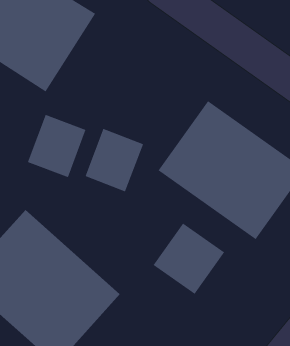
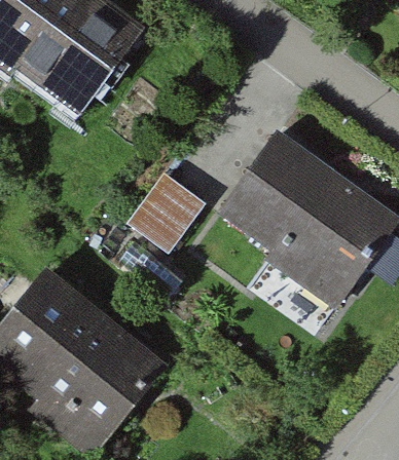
building: [27,114,87,178] -> none
building: [152,222,225,295] -> none

